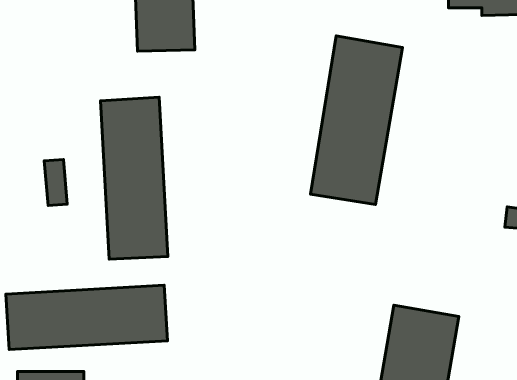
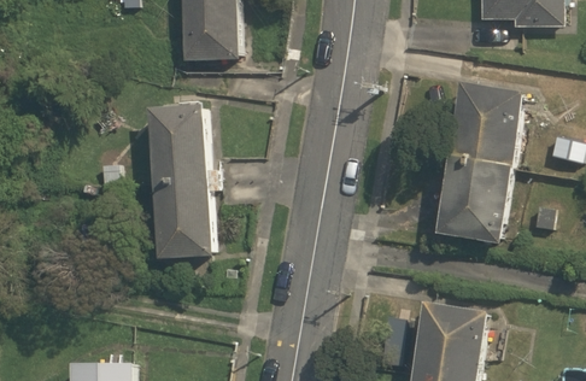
building: [311,36,402,204] -> [436,84,523,244]
building: [6,285,168,350] -> none

